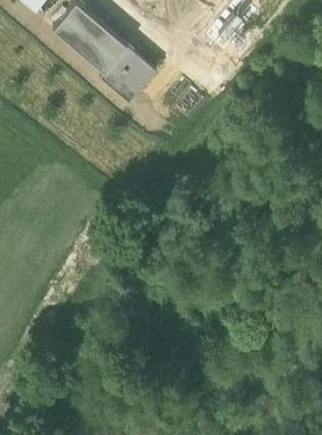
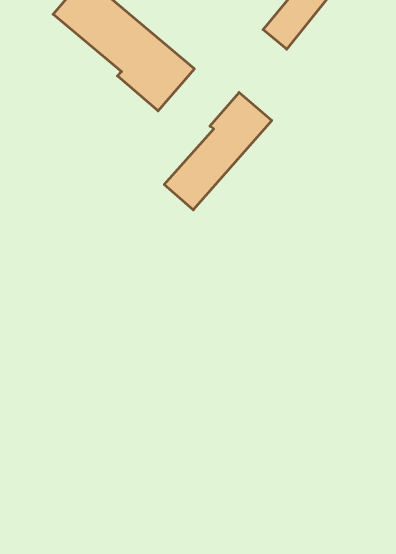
building: none -> [164,92,272,210]

